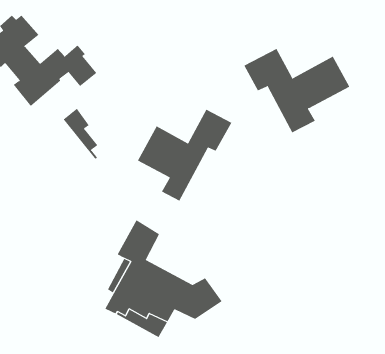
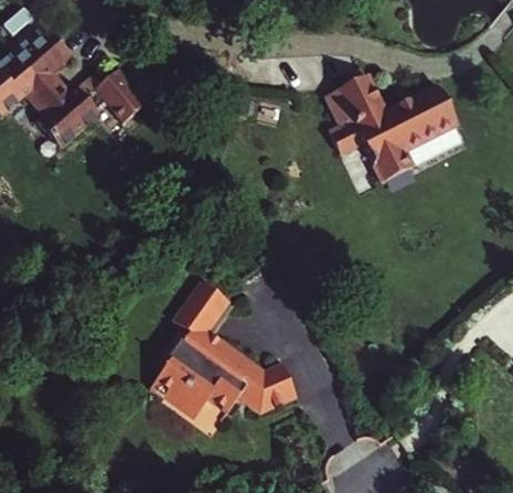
building: [63,108,98,160] -> none
building: [137,109,232,201] -> none

